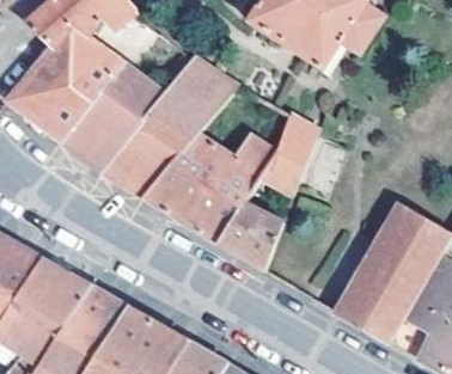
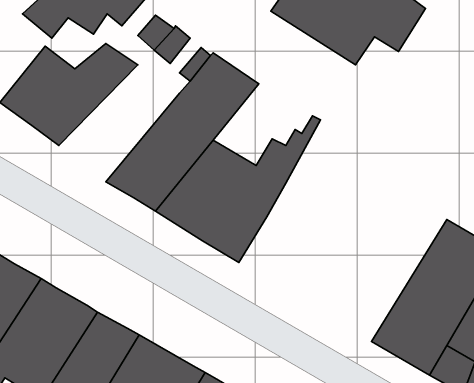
building: [47,25,100,70] -> none
building: [59,67,166,171] -> none
building: [261,116,318,195] -> none
building: [219,202,282,270] -> none

